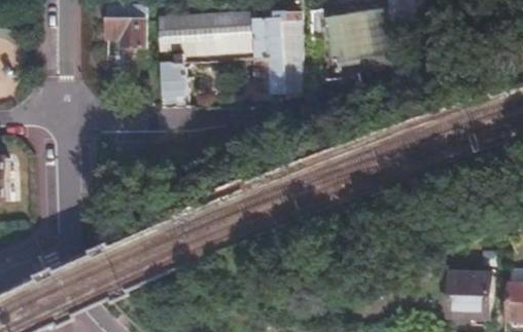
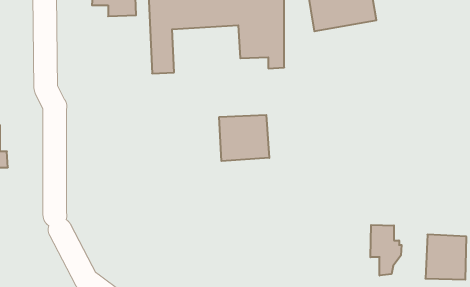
building: none -> [219,115,269,161]
building: none -> [370,225,402,276]

